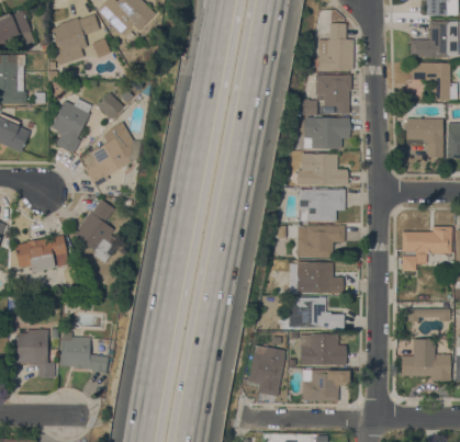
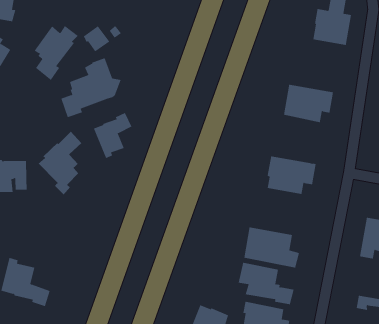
building: [302,73,351,114] -> none
building: [298,152,349,185] -> none
building: none -> [93,112,132,159]
building: [298,225,345,257] -> none

